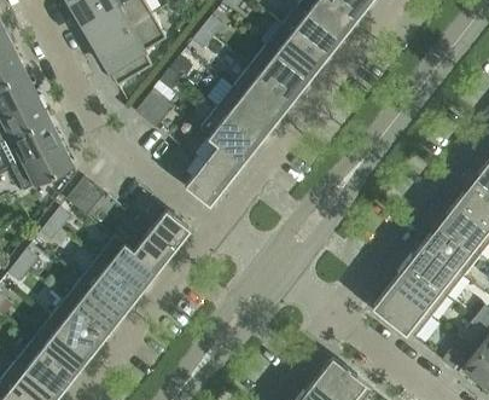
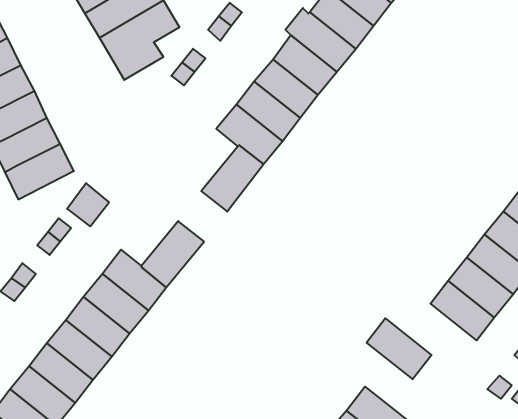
building: [135,91,173,129] -> none
building: [373,285,431,340] -> [367,318,432,379]

